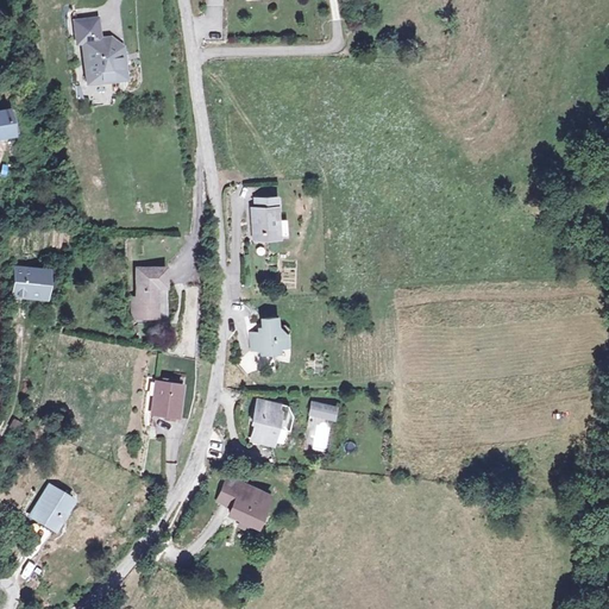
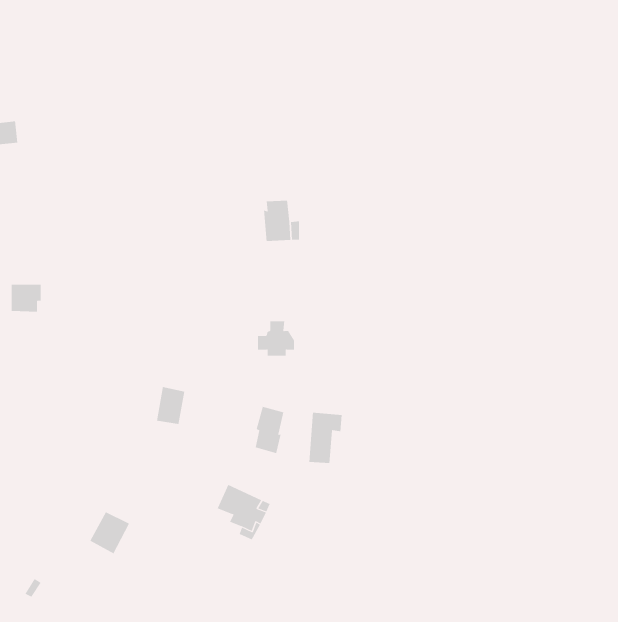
building: [81,24,130,86] -> none
building: [133,271,167,319] -> none
building: [36,491,75,533] -> [90,511,130,554]

